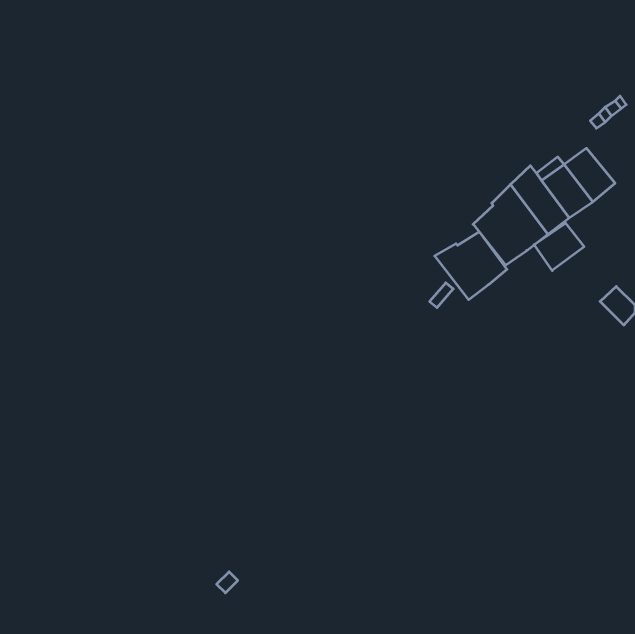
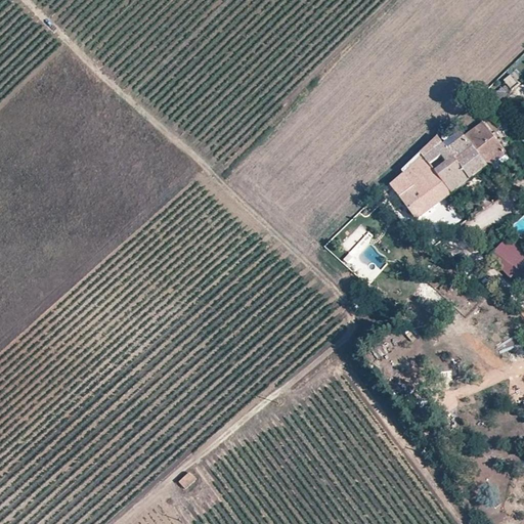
building: [534,223,584,271] -> none
building: [435,232,507,300] -> none

